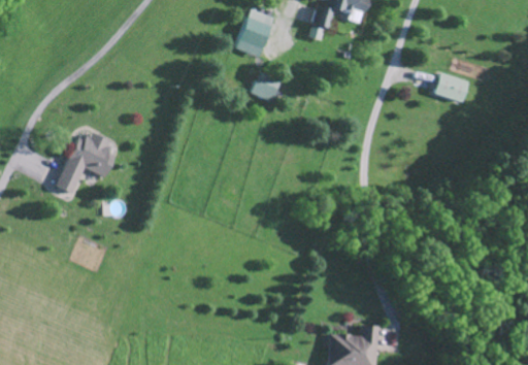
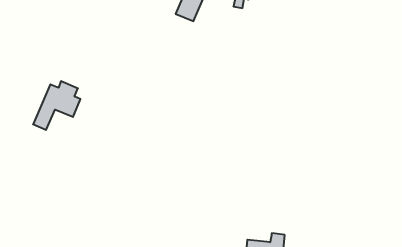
building: [253,72,280,100] -> none
building: [431,72,466,103] -> none

